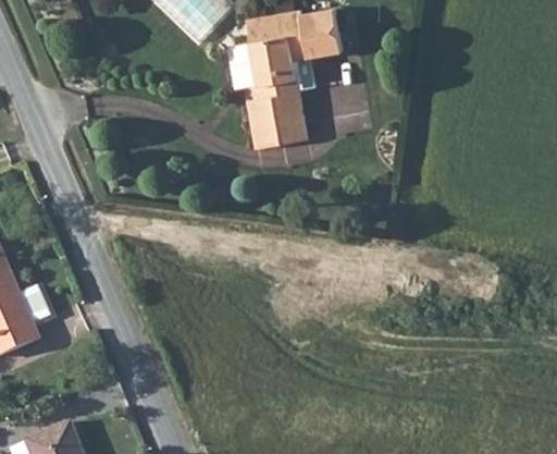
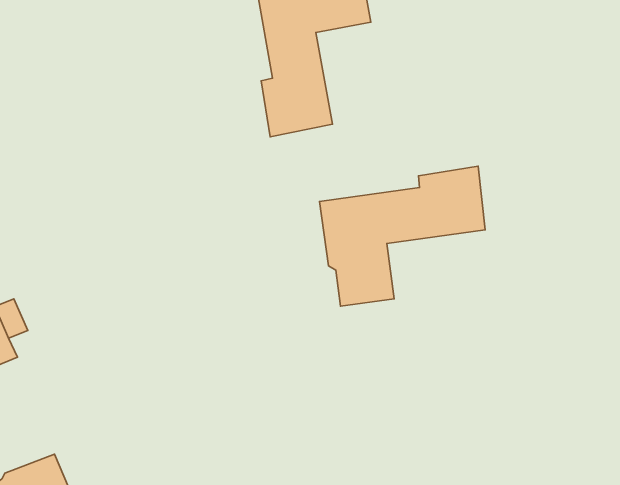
building: none -> [320,166,485,306]

